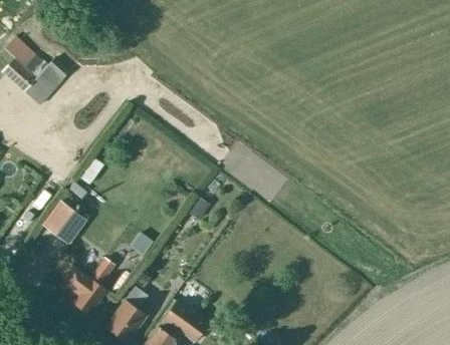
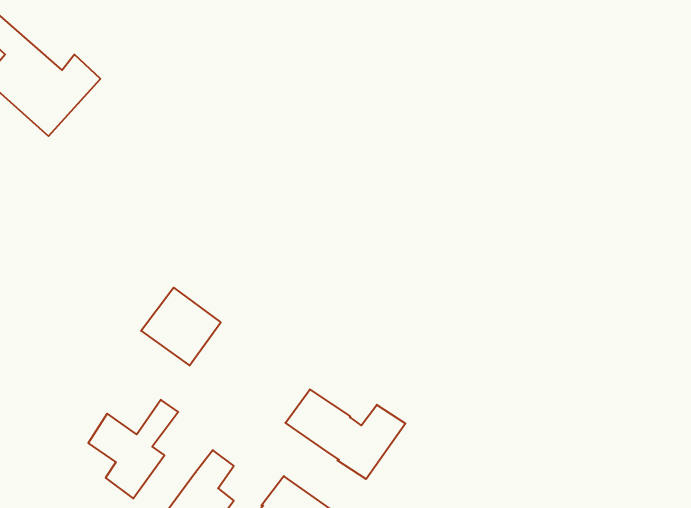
building: [40,200,86,245] -> [141,288,221,366]
building: none -> [285,389,405,479]

